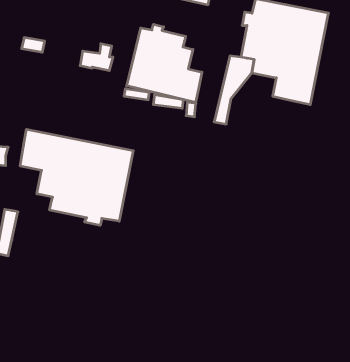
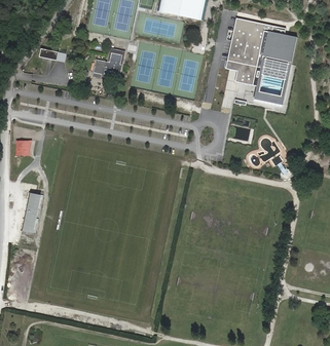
building: [127,24,202,102] -> none
building: [20,129,133,225] -> none

